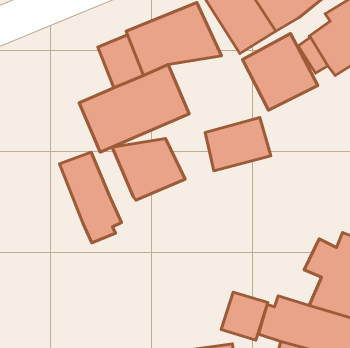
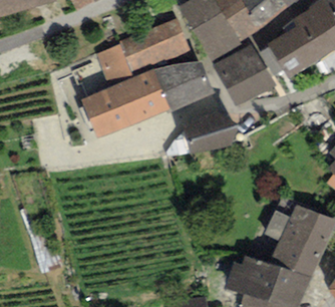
building: [112,138,185,200] -> [153,61,213,111]
building: [59,152,121,243] -> none
building: [221,292,268,340] -> none

